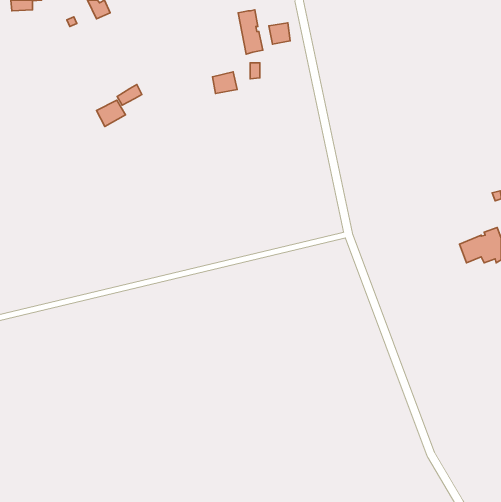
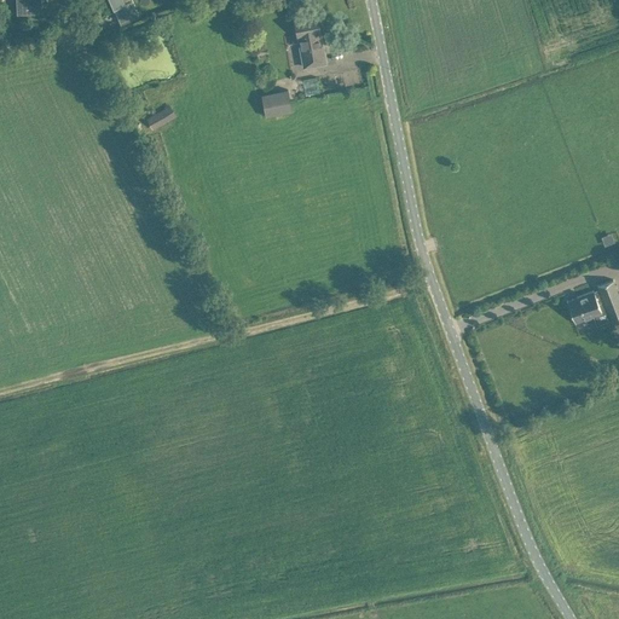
building: [269,23,290,44] -> none
building: [97,100,125,126] -> none

